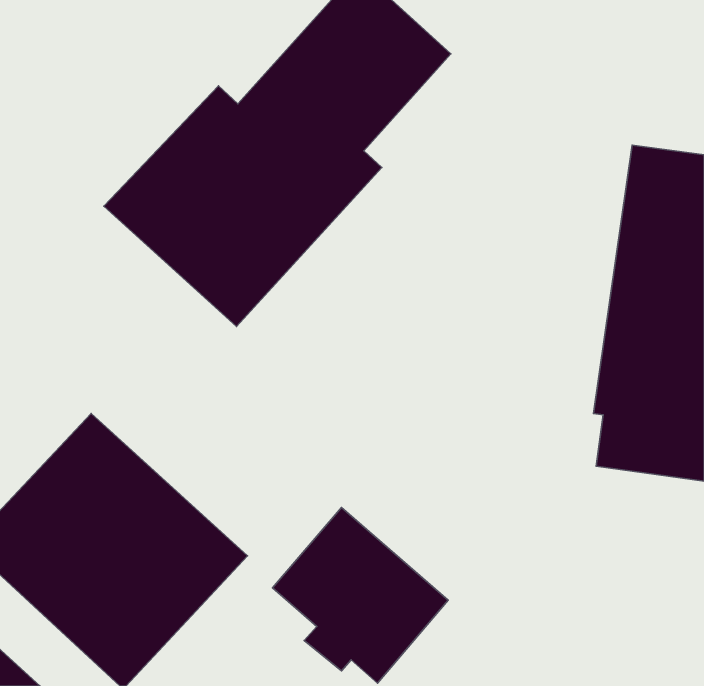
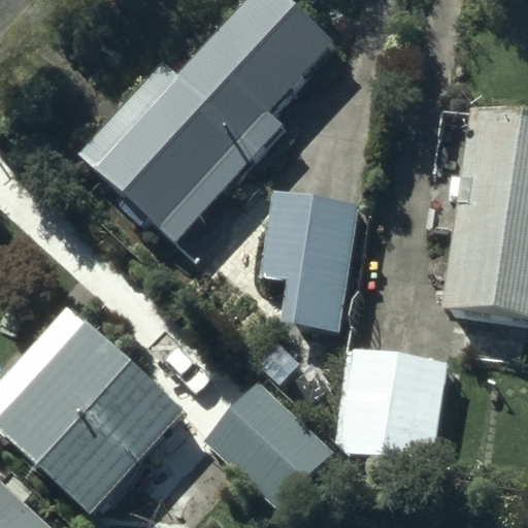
building: none -> [260,191,359,329]
building: none -> [337,345,448,463]

